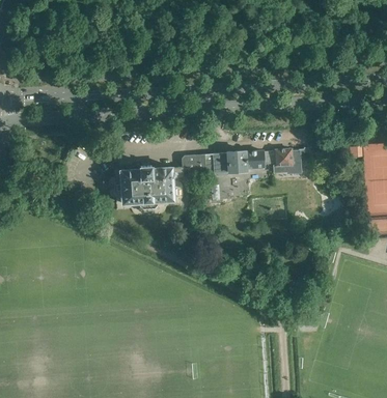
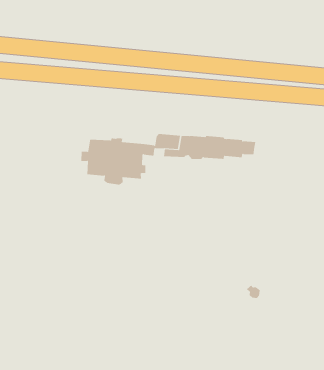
building: [273,148,304,174] -> none

